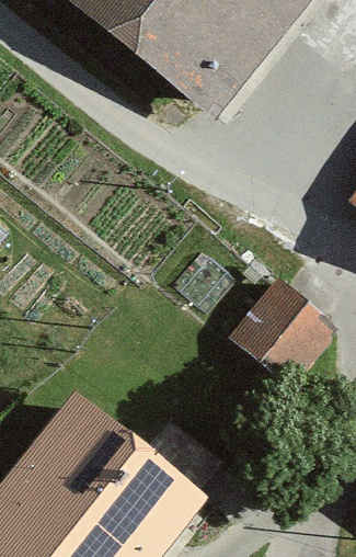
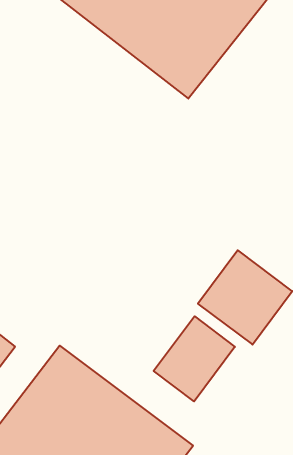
building: none -> [154,316,235,401]

